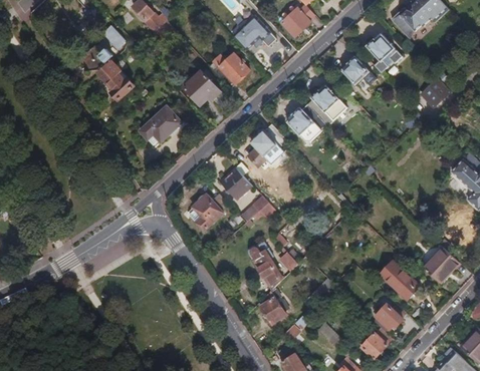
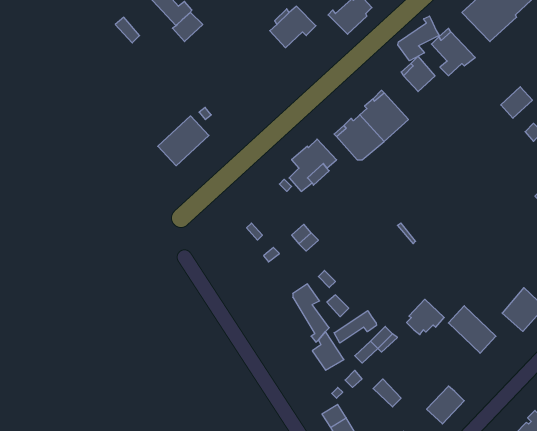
building: none -> [398,16,439,61]
building: [78,44,134,99] -> none
building: [209,52,250,87] -> none
building: [183,70,218,104] -> none
building: [219,168,251,200] -> none
building: [185,195,221,231] -> none
building: none -> [334,311,377,343]
building: [374,303,405,332] -> [407,299,444,335]

